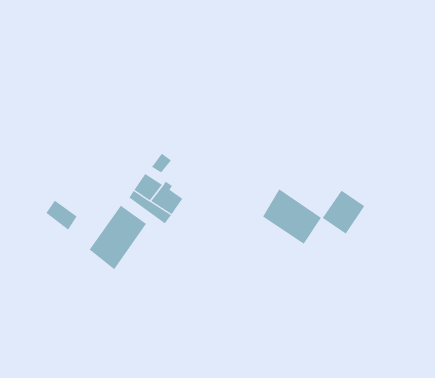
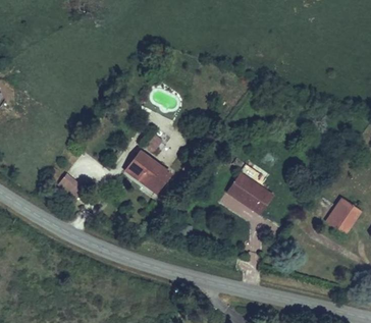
building: [322,190,365,234] -> [327,196,362,231]
building: [89,205,147,270] -> none

